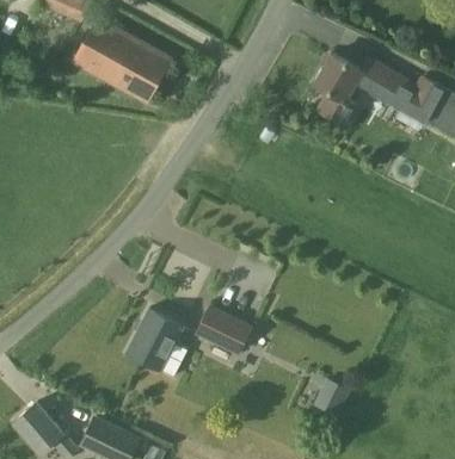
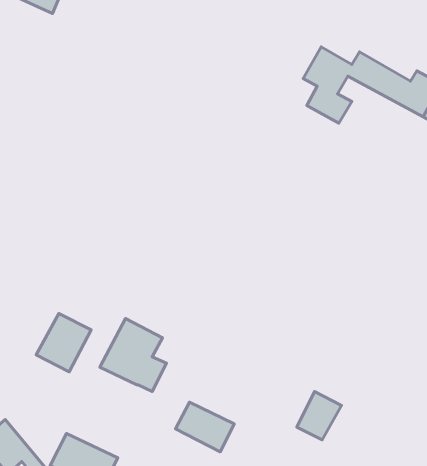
building: [74,18,171,101] -> none
building: none -> [36,314,91,372]
building: [196,306,251,353] -> [175,402,234,452]

